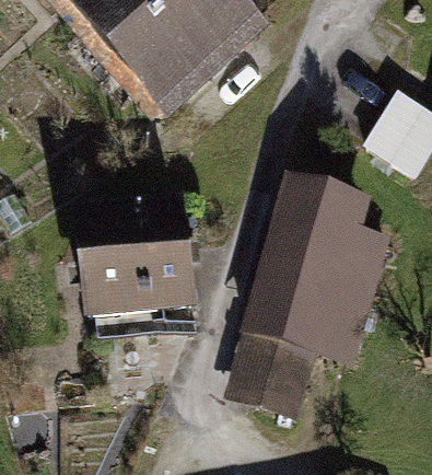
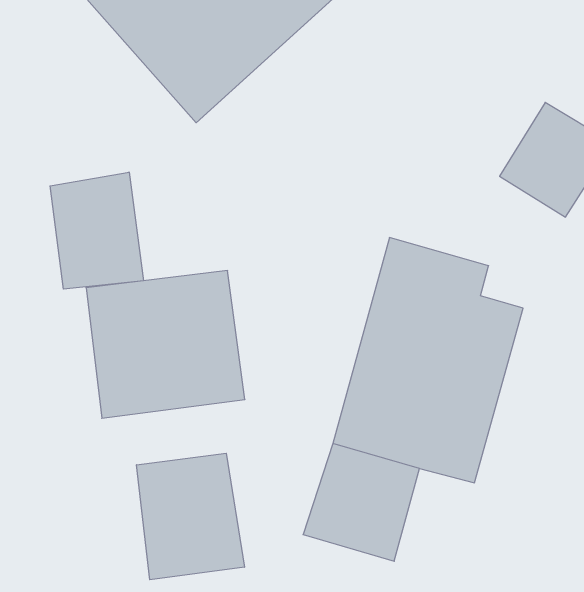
building: none -> [50,172,143,289]
building: none -> [137,453,244,580]

